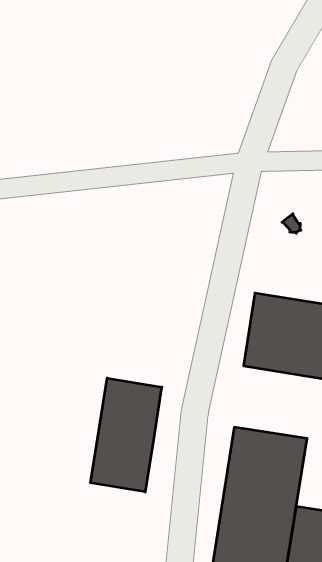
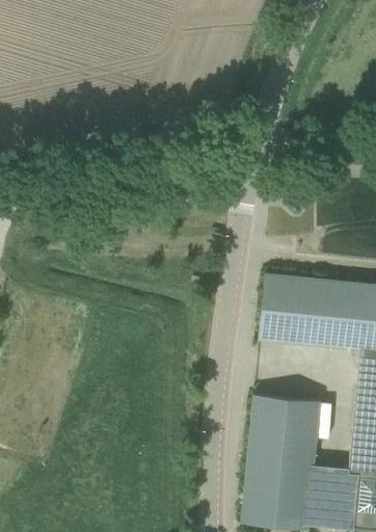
building: [90,378,162,492] -> none

